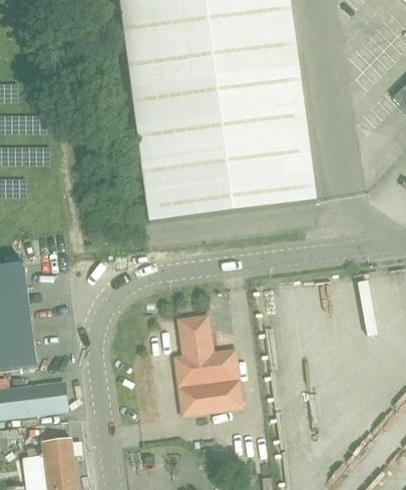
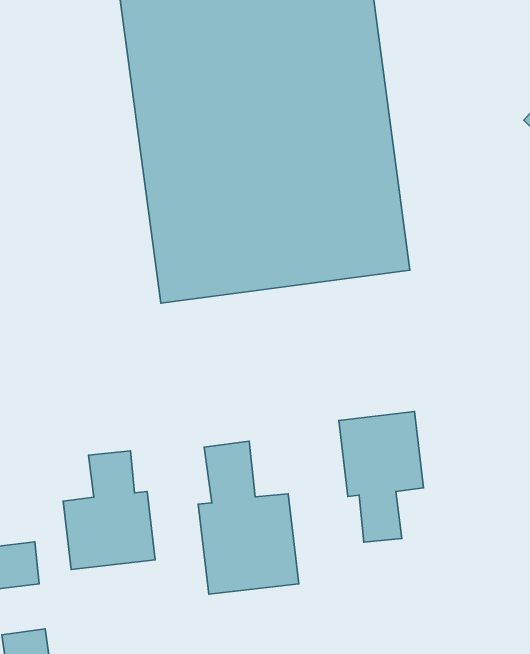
building: none -> [339,412,423,542]
building: none -> [63,451,155,570]

